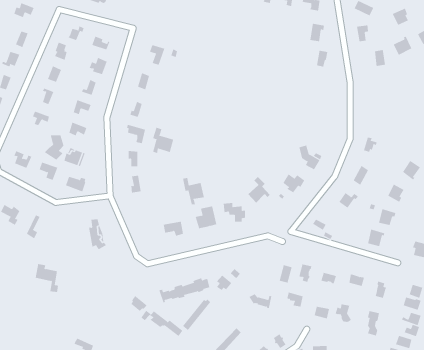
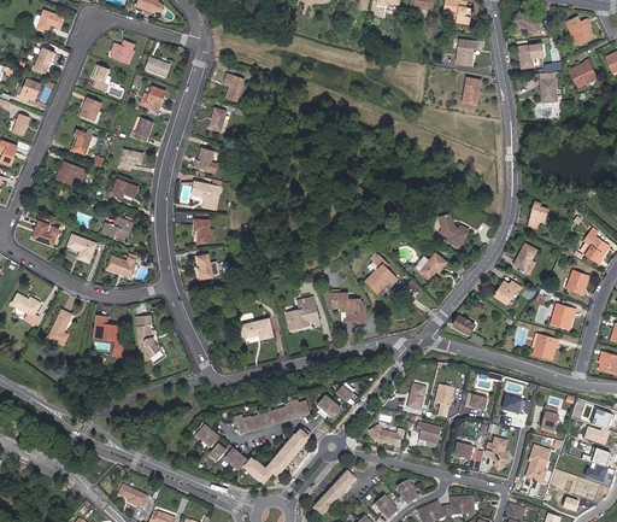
building: [152,127,174,154] -> none
building: [44,135,64,161] -> none
building: [182,177,204,205] -> none
building: [35,263,59,292] -> [92,317,125,358]

